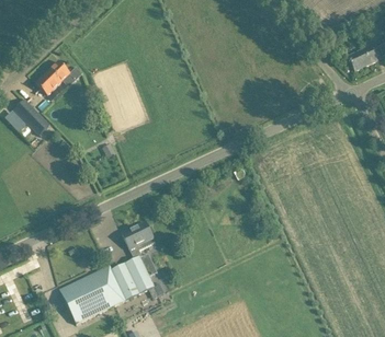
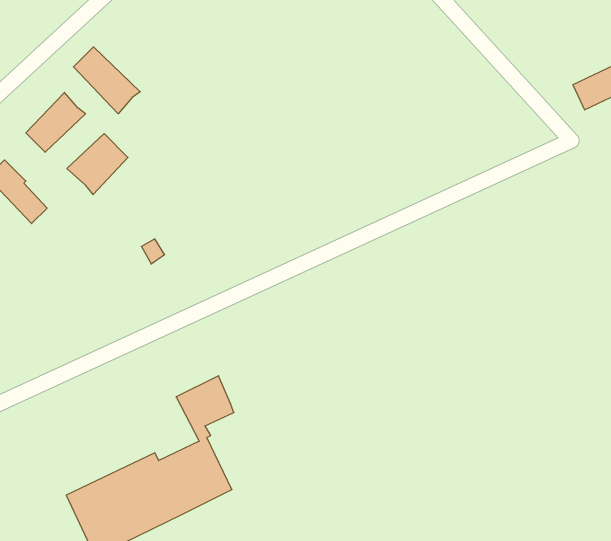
building: none -> [73,47,140,114]
building: none -> [67,134,128,195]

